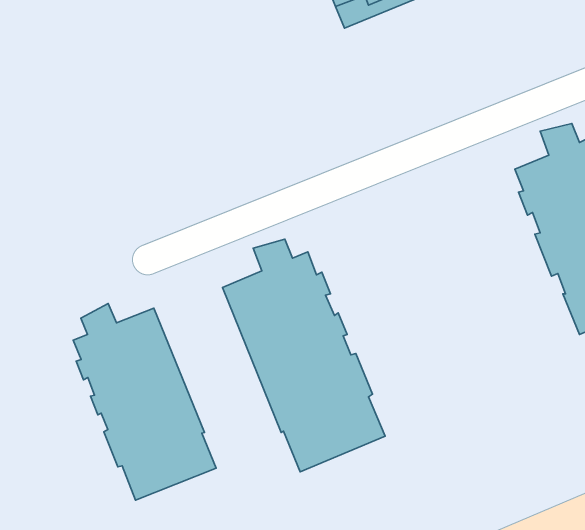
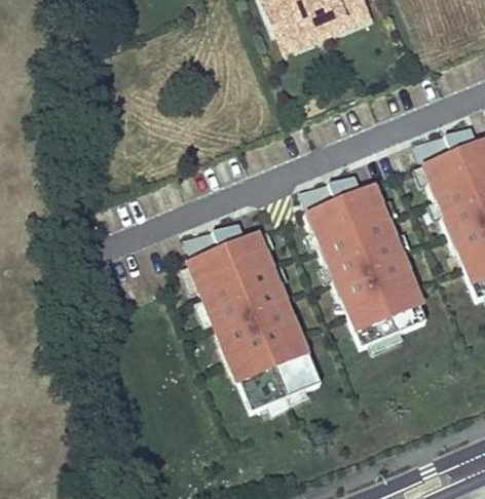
building: none -> [304,175,425,345]
building: [73,304,216,500] -> none

